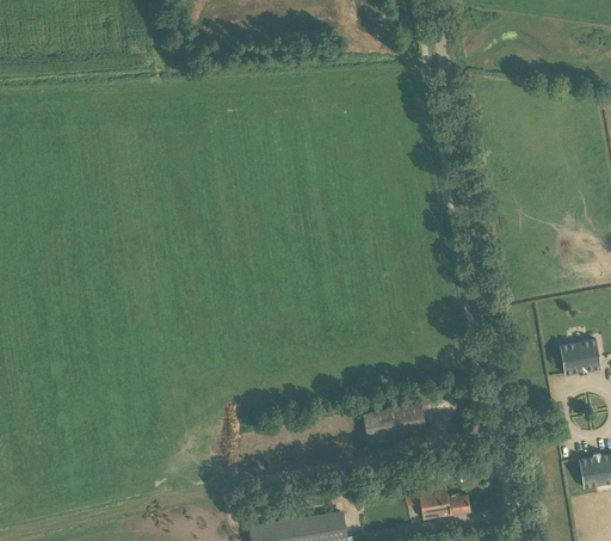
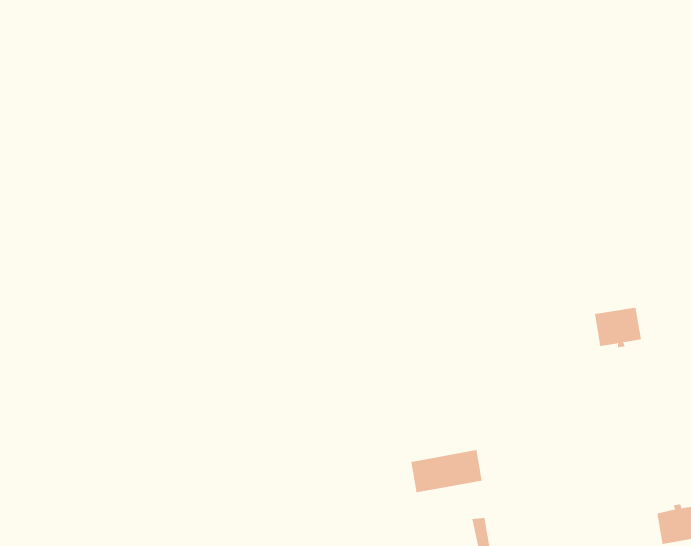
building: [560,337,601,373] -> [594,307,642,348]

